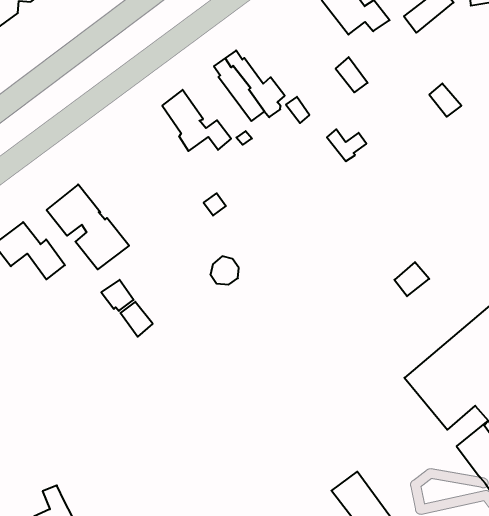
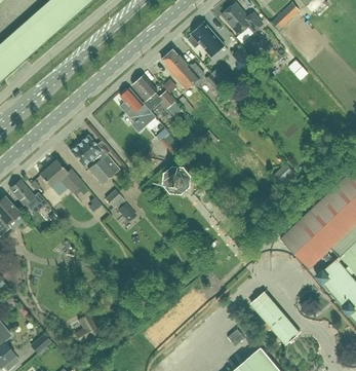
building: none -> [189,23,225,57]
building: none -> [121,89,157,132]

